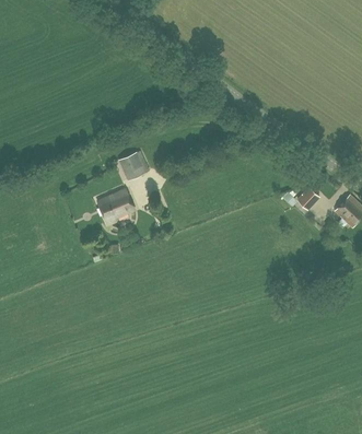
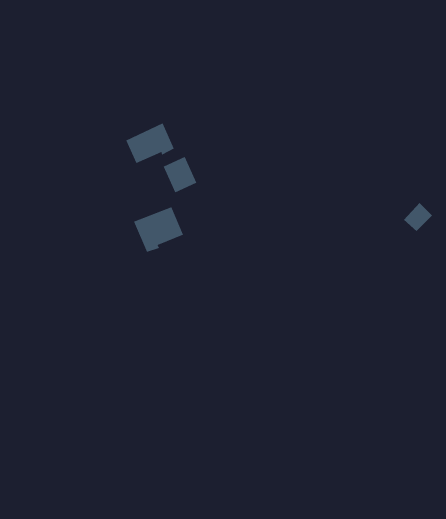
building: none -> [126,122,174,164]

